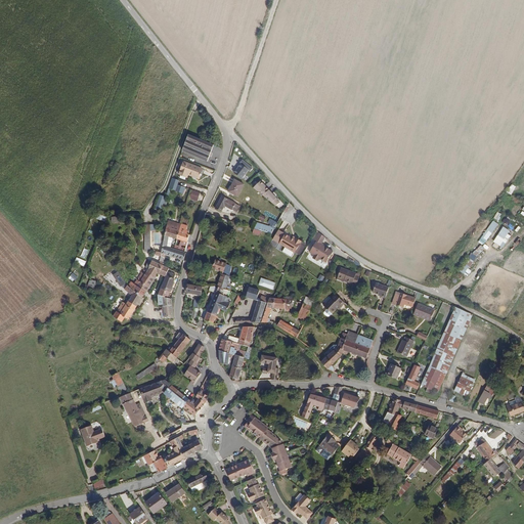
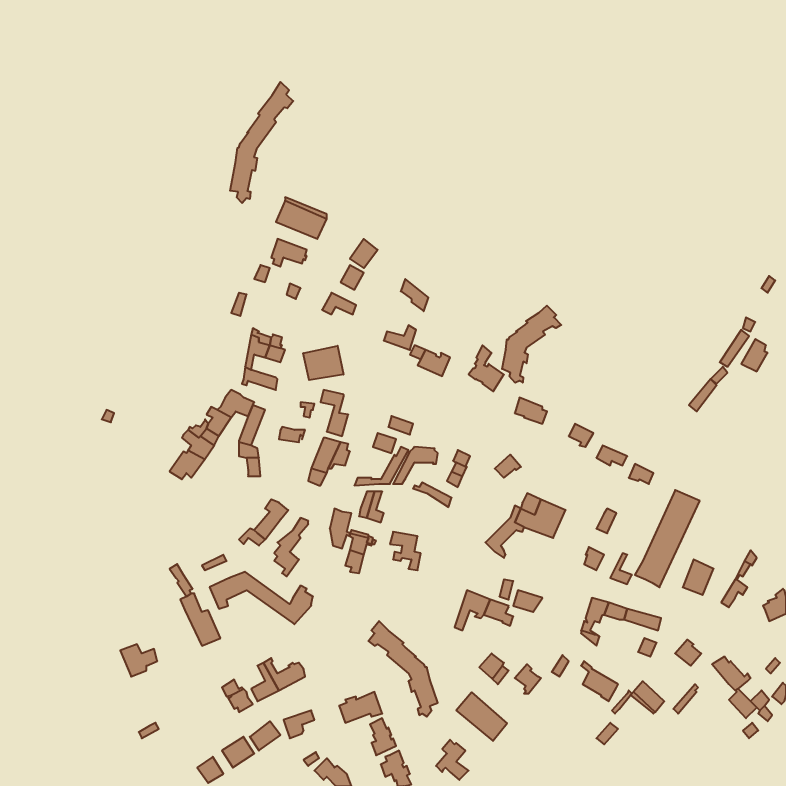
building: none -> [230,82,293,203]
building: none -> [502,306,561,383]
building: none -> [303,346,343,380]
building: none -> [456,692,507,741]

